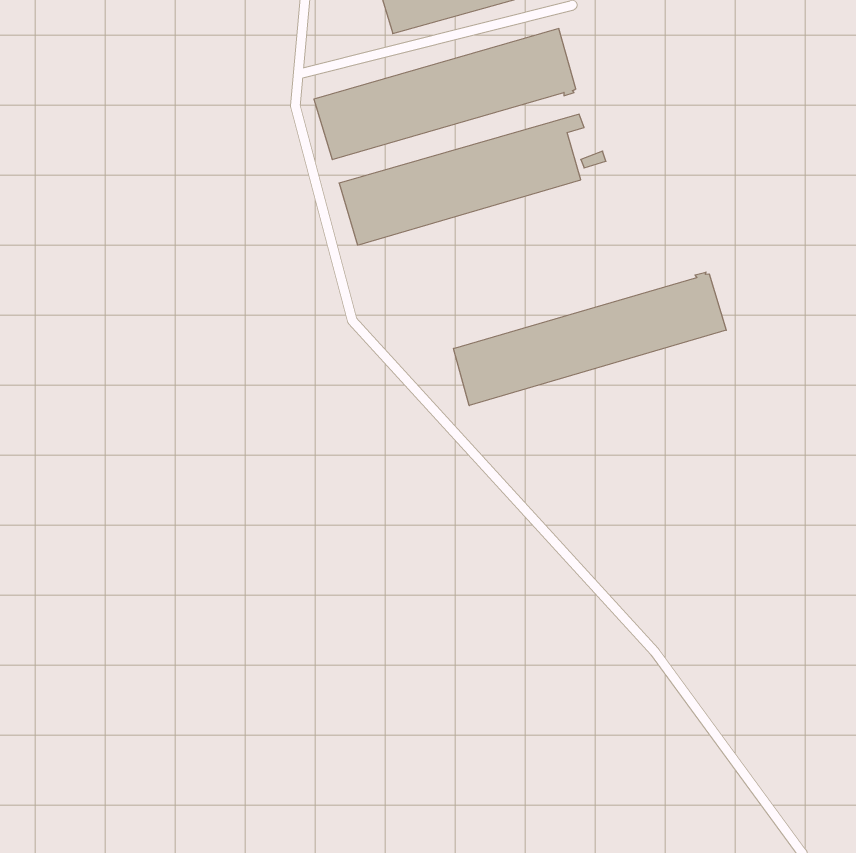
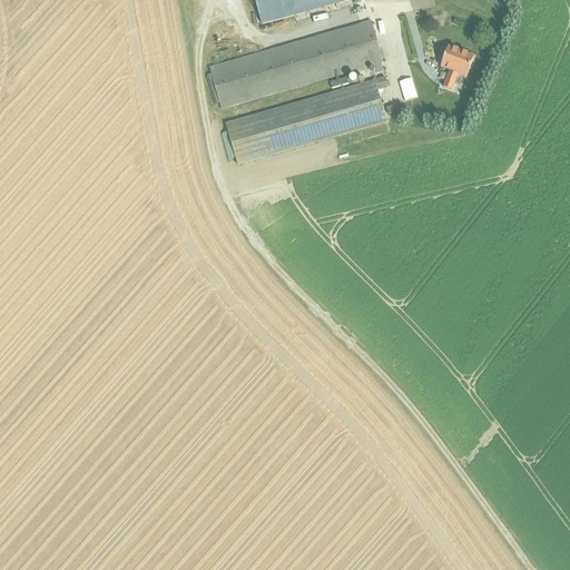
building: none -> [440,45,472,87]
building: [454,272,726,406] -> none

